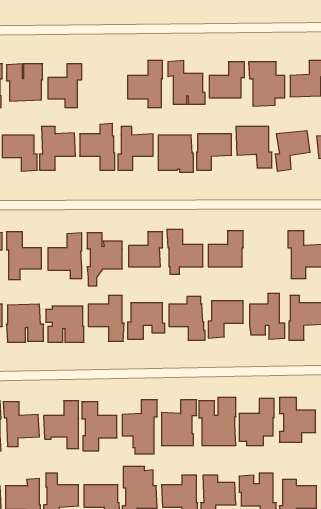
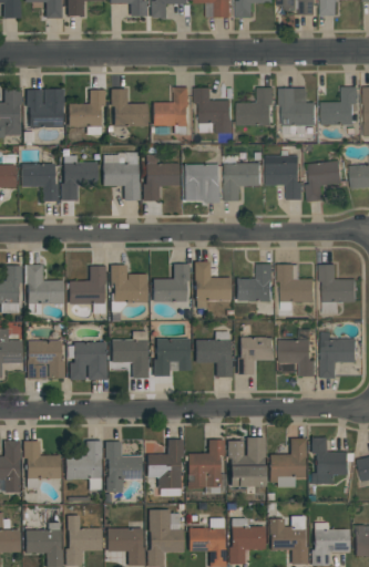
building: none -> [110,90,146,127]
building: none -> [277,264,314,310]

